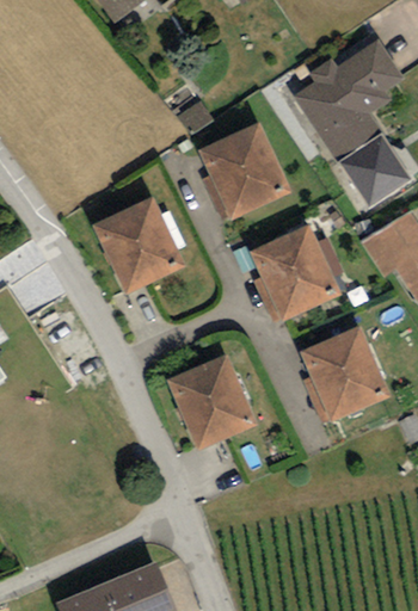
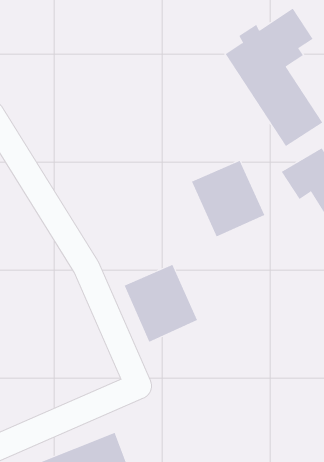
building: [198,123,291,221] -> none
building: [92,195,186,295] -> none
building: [300,327,391,422] -> none

